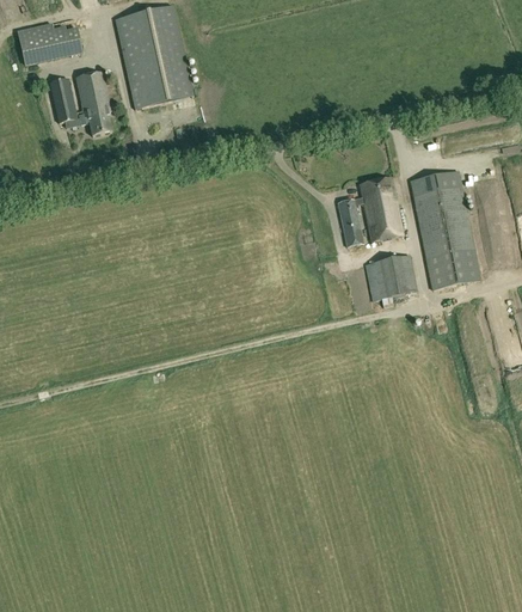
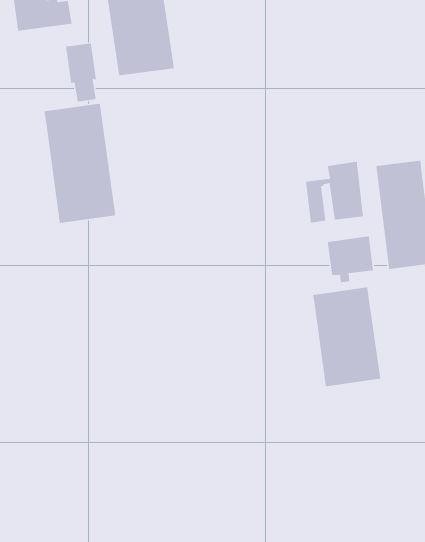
building: [50,78,78,121] -> none
building: none -> [43,103,116,224]
building: none -> [312,287,381,387]

